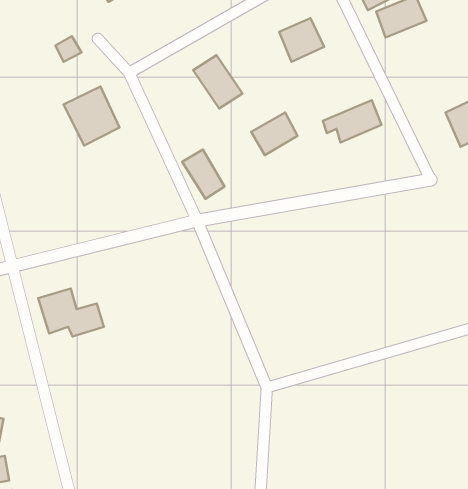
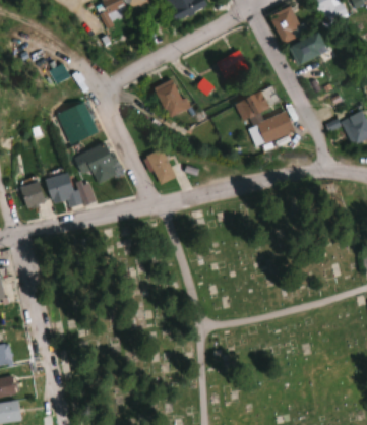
building: [251,113,298,155] -> [235,90,269,122]
building: none -> [75,143,119,184]
building: none -> [20,181,45,207]
building: [38,289,104,336] -> [46,172,95,207]

